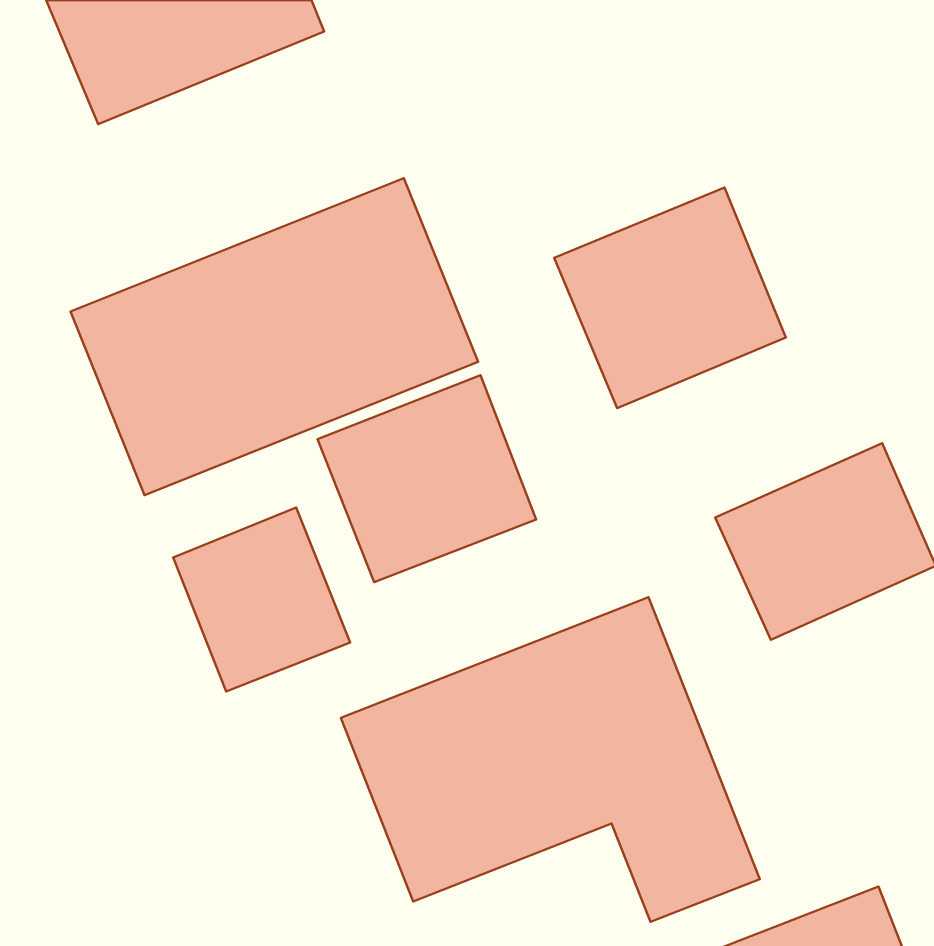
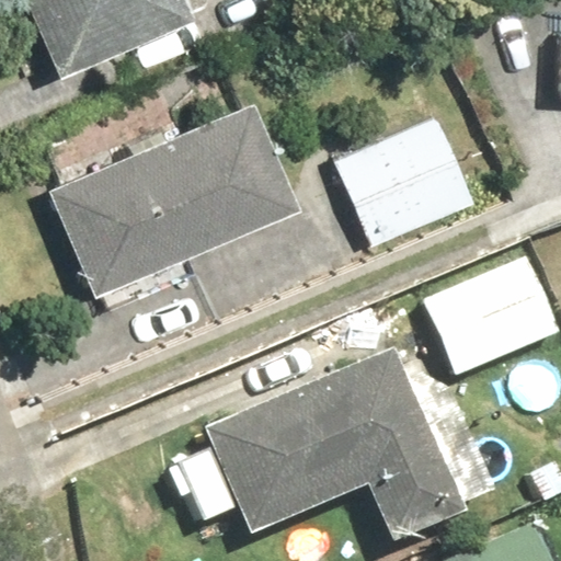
building: [317,375,536,582] -> none
building: [173,508,350,691] -> none

